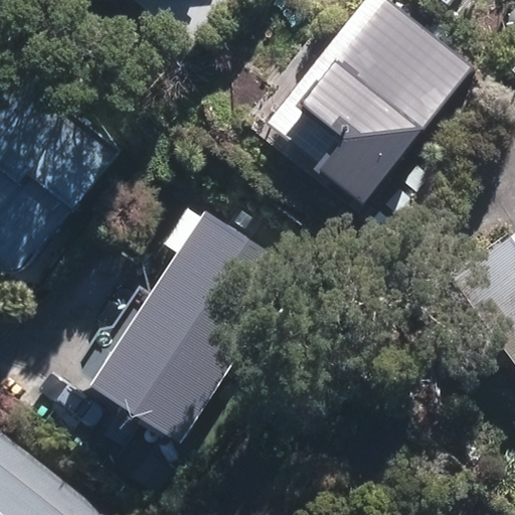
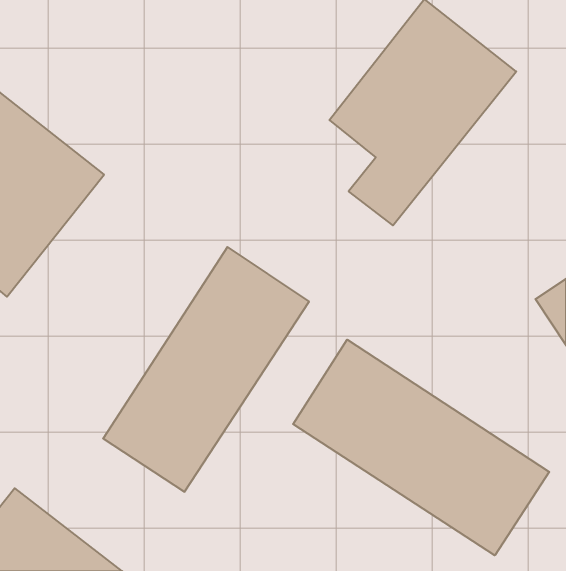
building: none -> [293,340,549,555]

